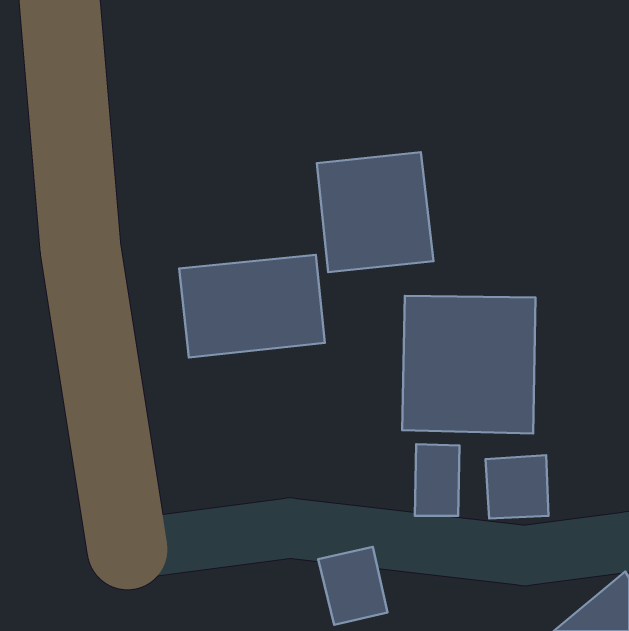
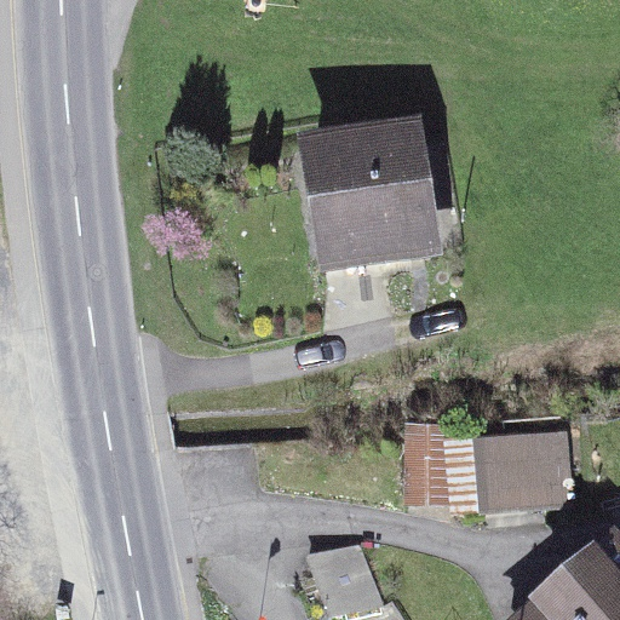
building: [179,255,325,358] -> none
building: [402,296,536,434] -> none

